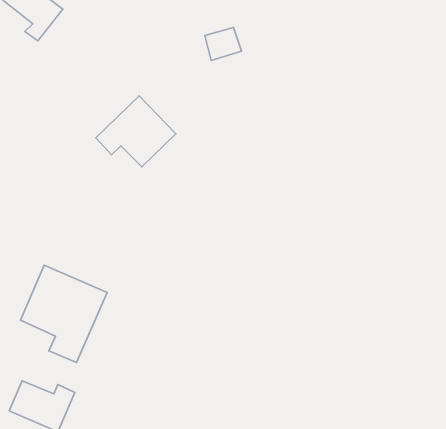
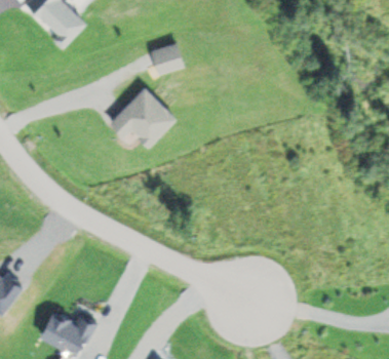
building: [205,28,241,60] -> [152,48,181,74]
building: [20,265,107,362] -> none

